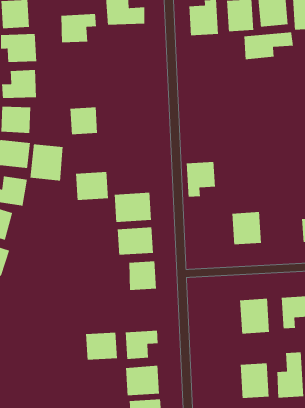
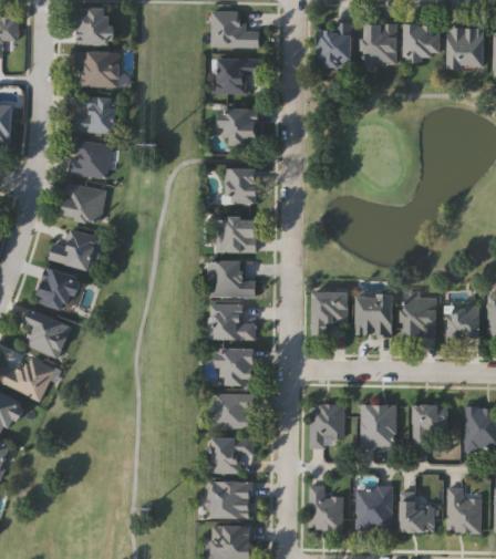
building: [60,13,97,43] -> [214,58,260,94]
building: [243,31,294,60] -> none
building: none -> [221,108,258,145]
building: [70,107,98,135] -> [223,169,257,204]
building: [29,143,63,182] -> none
building: [186,161,216,198] -> [311,291,348,335]
building: [75,171,109,201] -> [215,217,256,252]
building: none -> [402,298,435,338]
building: none -> [308,404,342,448]
building: [85,332,118,361] -> [214,394,254,428]
building: none -> [308,487,341,531]

